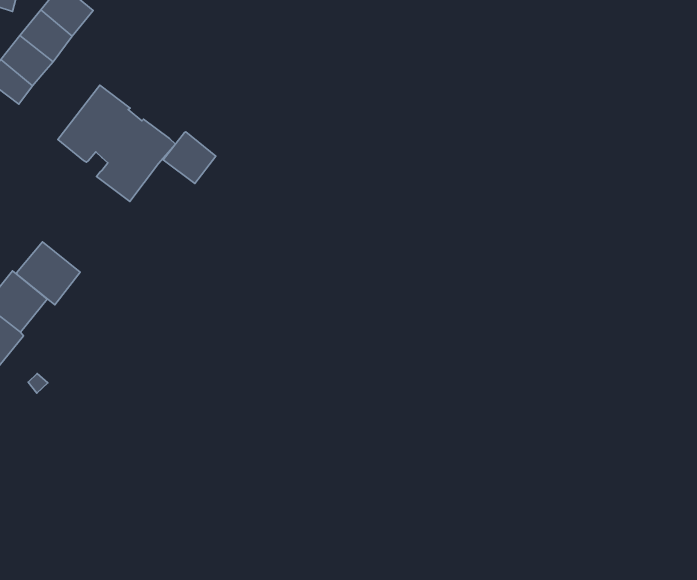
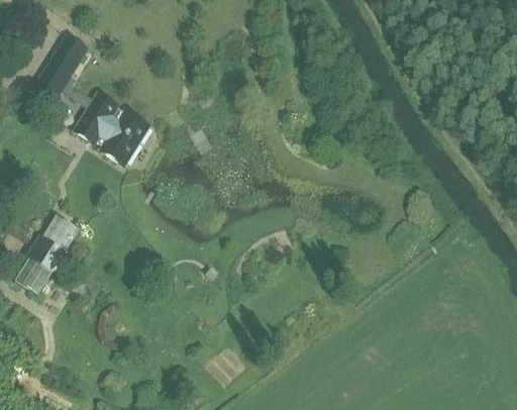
building: [163,132,216,184] -> none
building: [16,242,80,305] -> none

